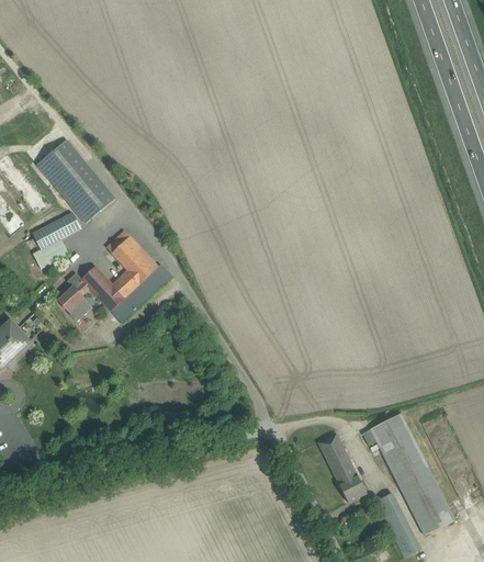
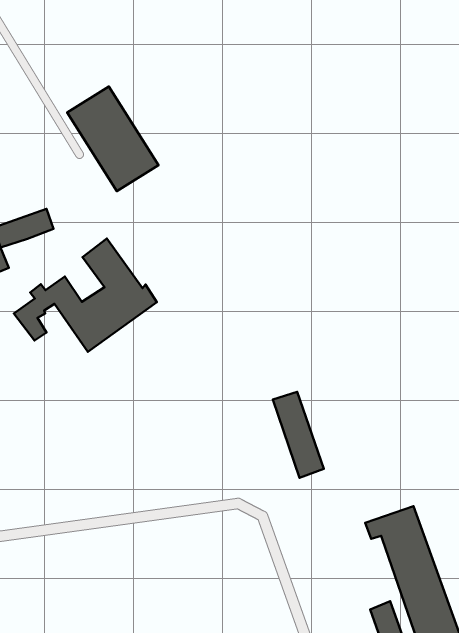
building: [37,140,116,224] -> [67,87,158,191]
building: [317,432,365,502] -> [273,392,324,478]

